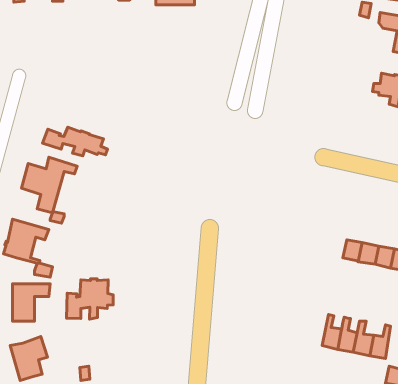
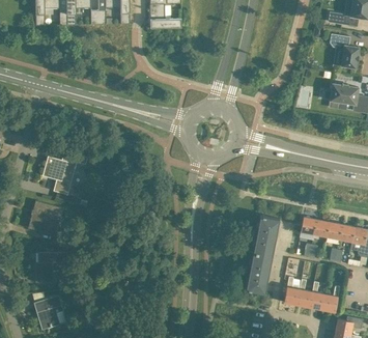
building: [43,127,107,156] -> none
building: none -> [246,215,279,292]
building: [67,279,113,319] -> none

